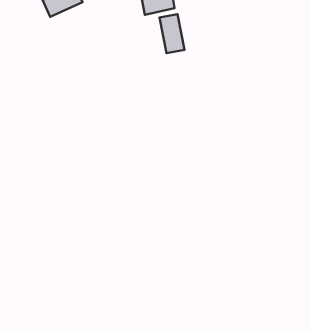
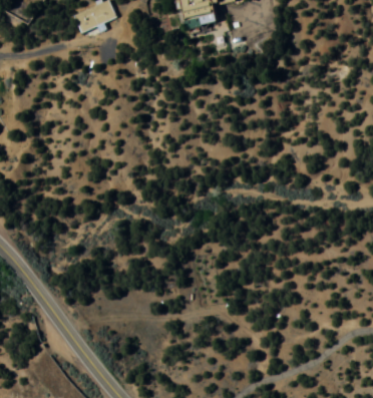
building: [160,14,184,53] -> none

